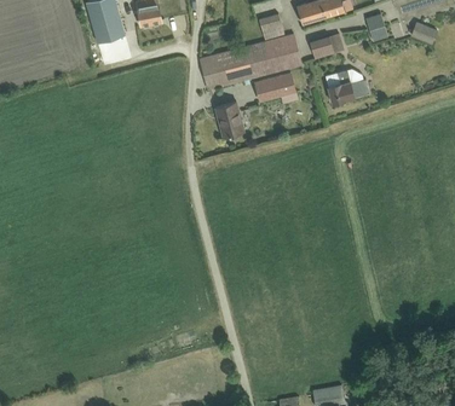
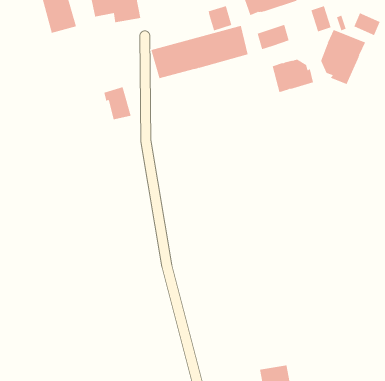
building: none -> [321,29,366,85]
building: [254,71,295,100] -> none
building: [214,100,243,135] -> [103,87,131,120]

